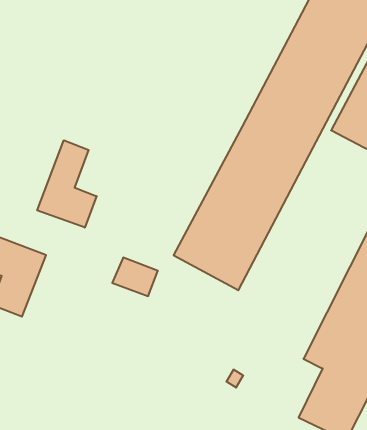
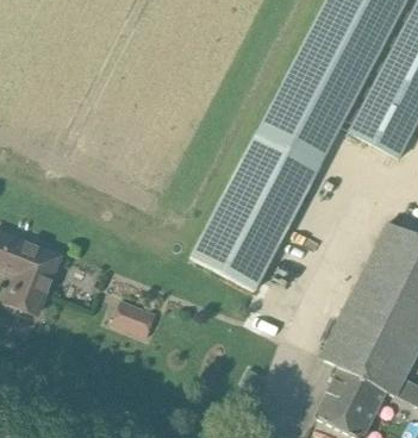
building: [37,140,97,228] -> none
building: [112,258,158,296] -> [111,299,156,337]

